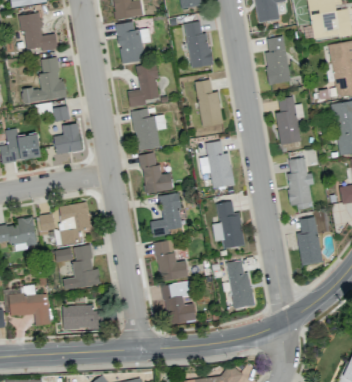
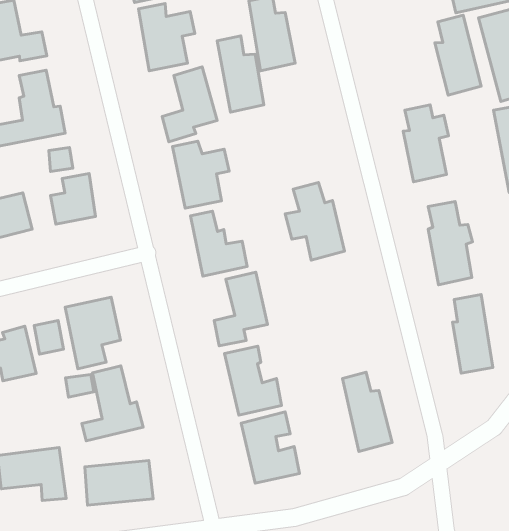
building: [264,36,291,85] -> [435,15,481,95]
building: [196,80,222,127] -> [217,36,264,112]
building: [213,202,244,248] -> none

